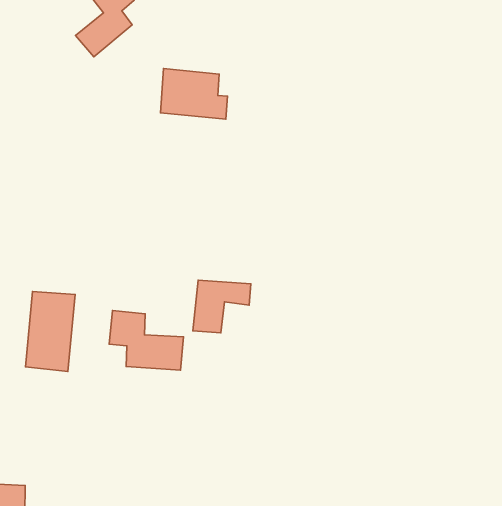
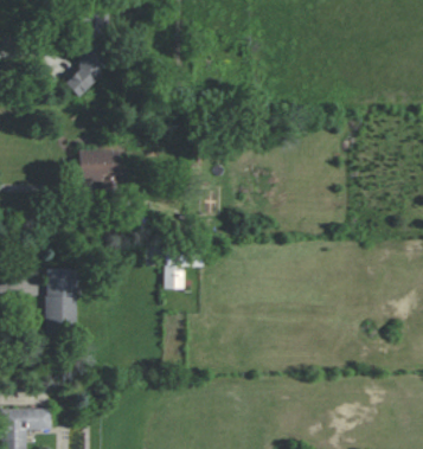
building: [160,69,228,119] -> [79,150,127,184]
building: [109,311,183,370] -> none

